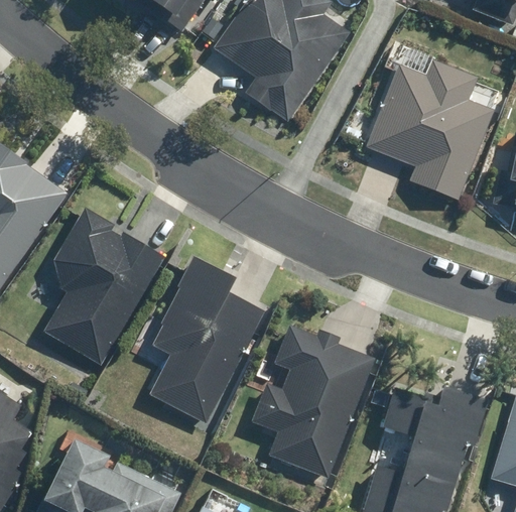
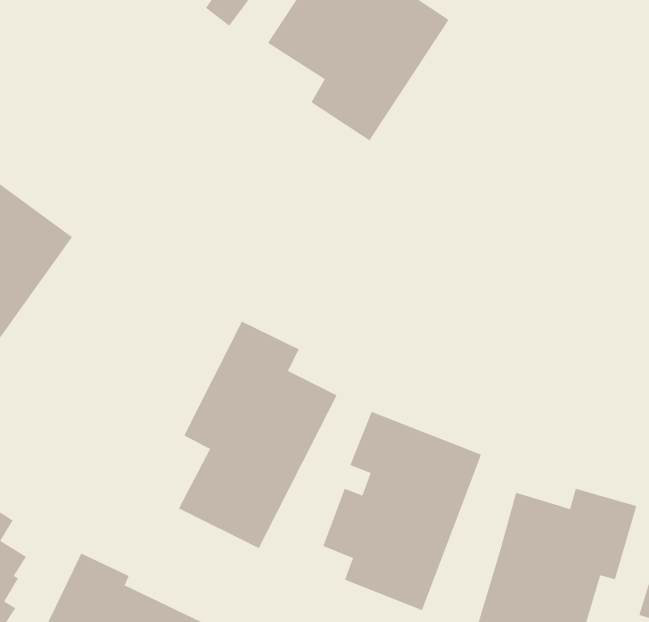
building: [368,65,491,200] -> none
building: [44,212,162,362] -> none

